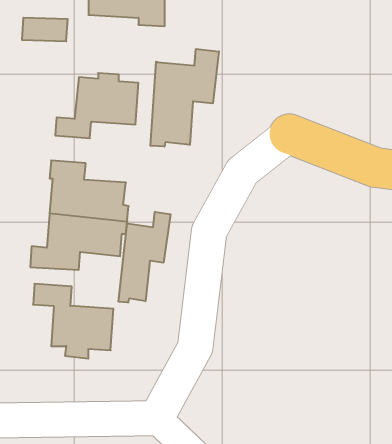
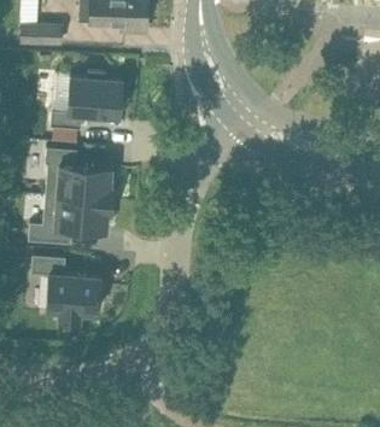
building: [150,49,219,147] -> none
building: [119,212,171,303] -> none

